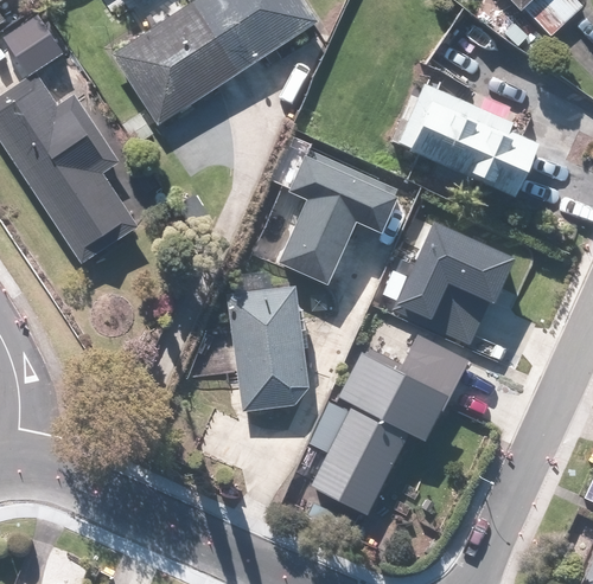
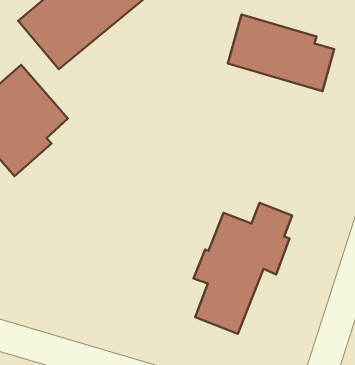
building: [276,150,397,284] -> none
building: [394,216,522,345] -> none
building: [227,281,311,410] -> none

